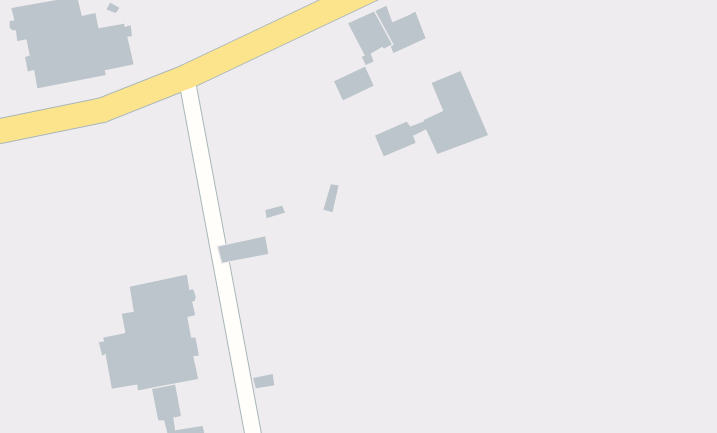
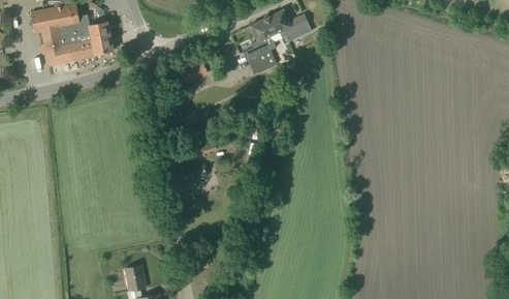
building: none -> [243,21,269,60]
building: [374,70,489,157] -> none
building: [98,274,199,391] -> none

